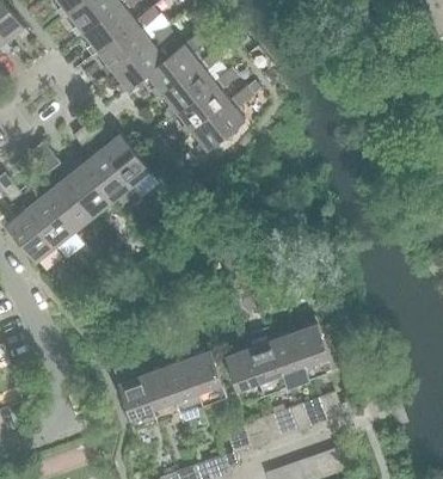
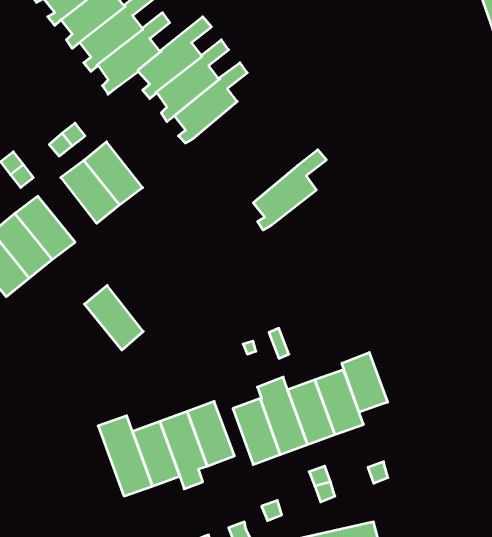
building: [191,87,252,154] -> [253,150,326,230]
building: [62,164,111,217] -> [84,285,143,350]
building: none -> [342,352,388,412]

